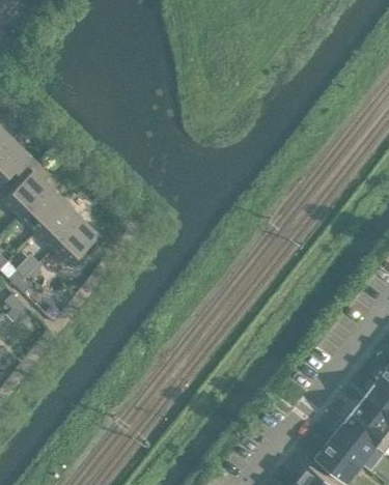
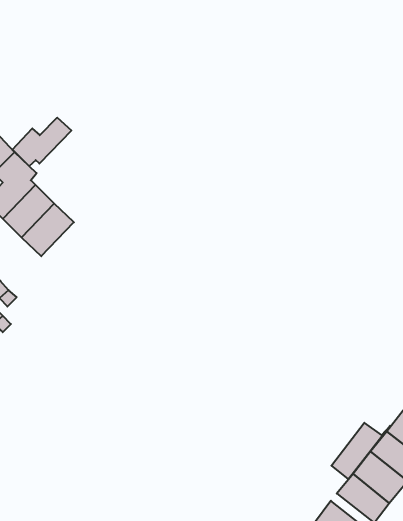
building: none -> [12,118,71,166]
building: [53,217,99,263] -> none
building: none -> [331,423,390,479]

